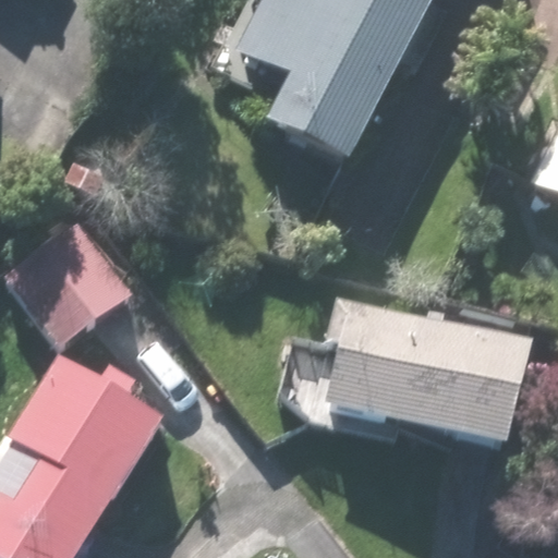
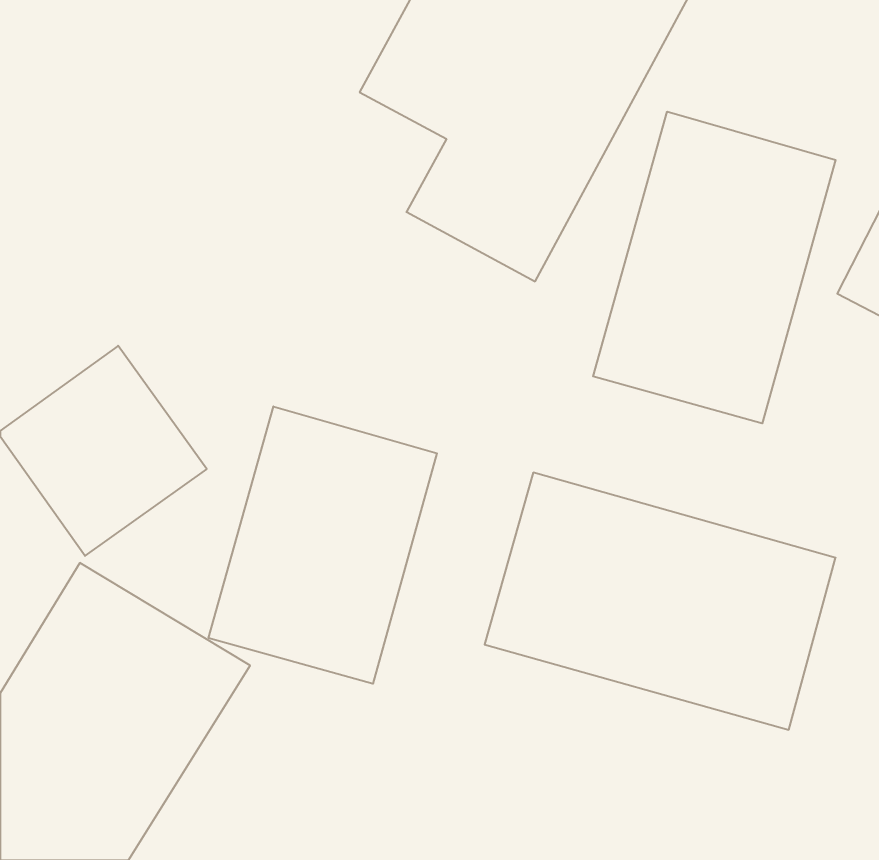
building: none -> [593,112,836,423]
building: none -> [209,406,437,684]

